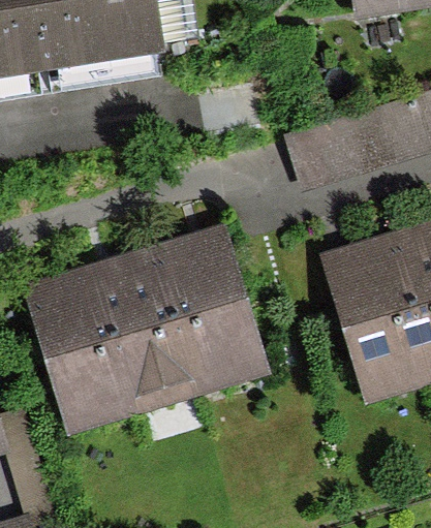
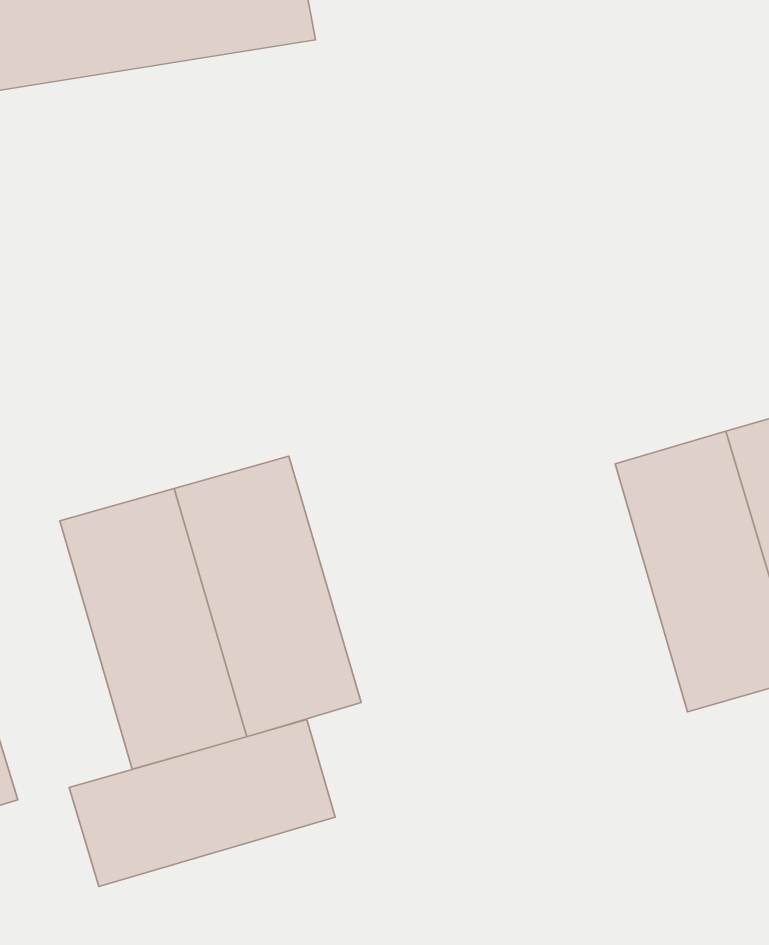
building: [157,240,257,392] -> none
building: none -> [69,720,335,886]

